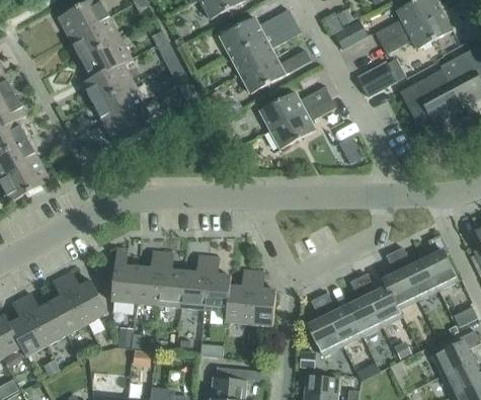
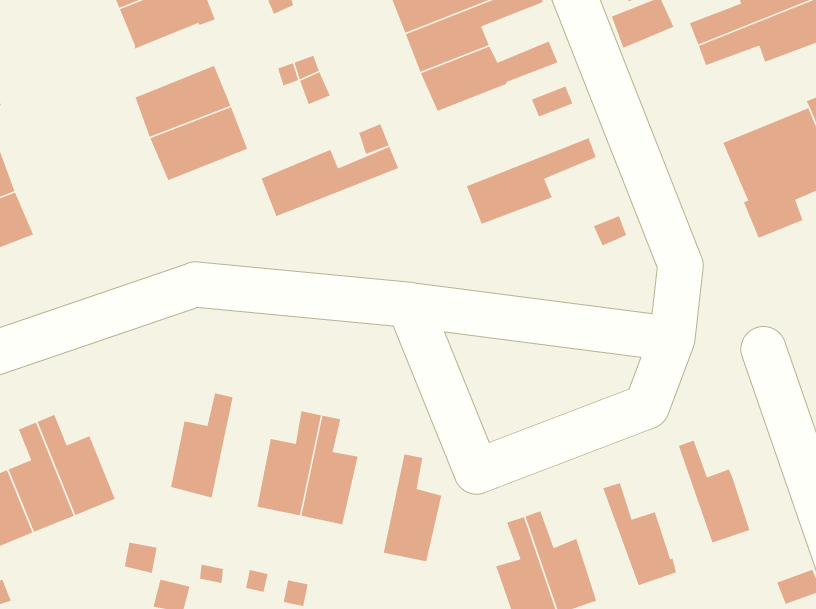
building: [81,62,133,103] -> none
building: [358,64,397,96] -> none
building: [259,86,330,130] -> [261,146,399,217]
building: [419,234,457,291] -> none
building: [110,248,138,303] -> none
building: [382,251,417,310] -> none
building: [157,252,183,308] -> none
building: [225,270,253,324] -> none
building: [347,277,382,336] -> none

